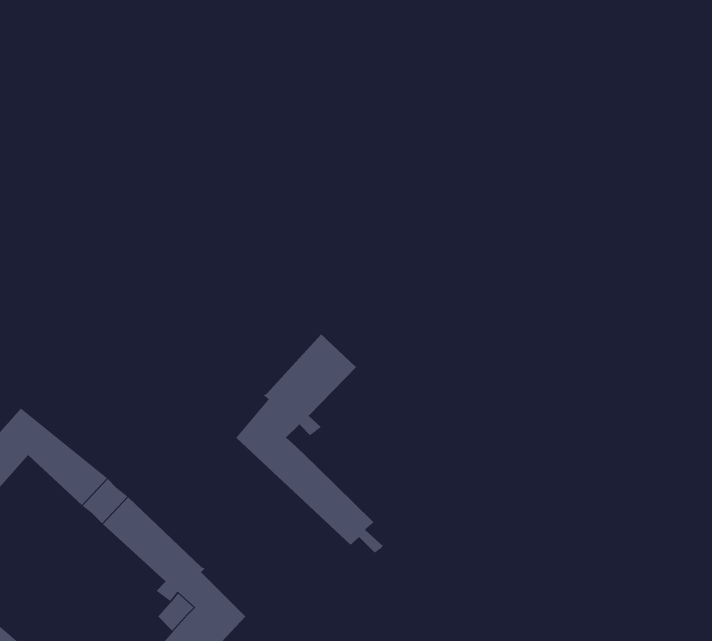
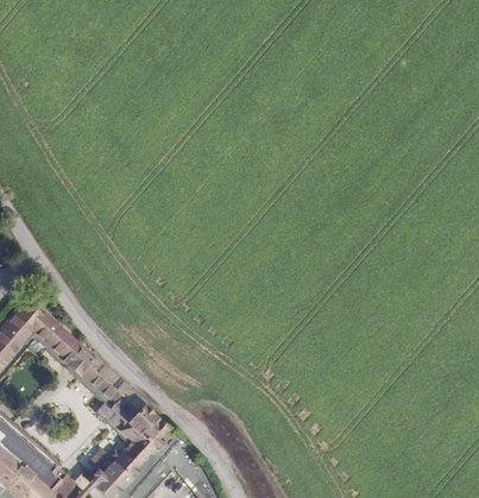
building: [236,334,383,554] -> none

